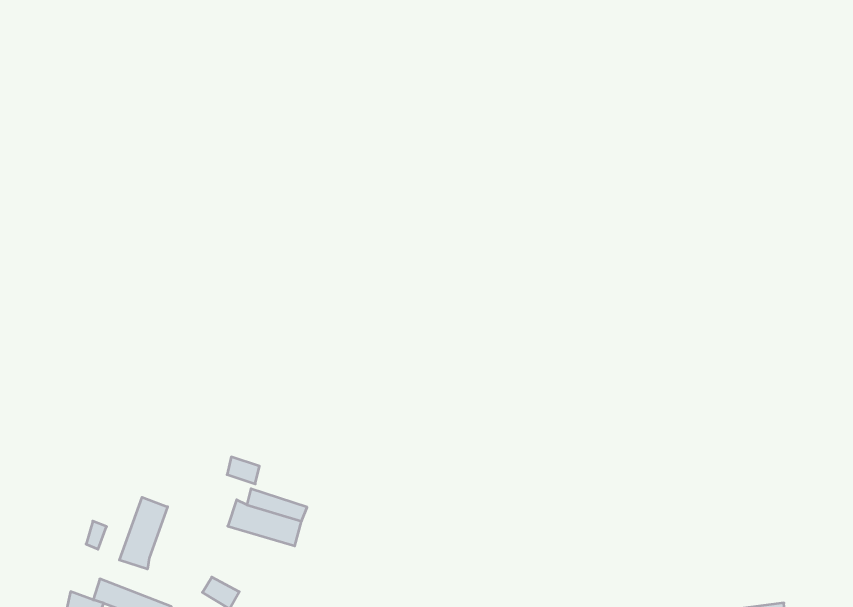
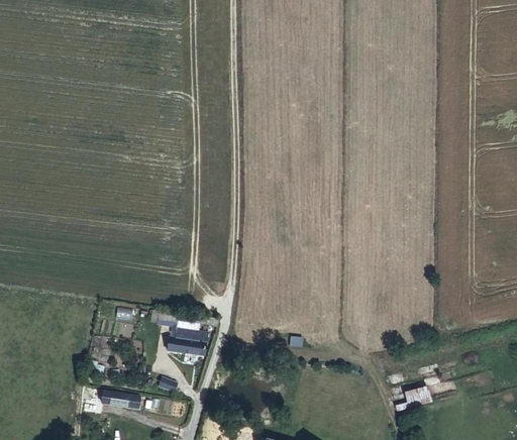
building: [119,497,168,569] -> none

